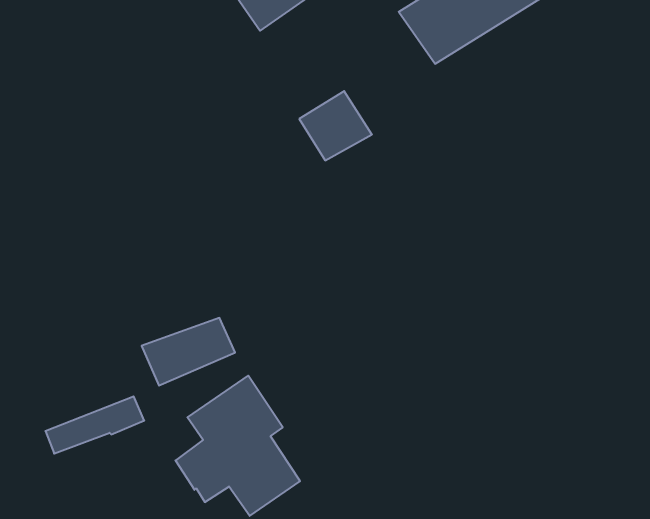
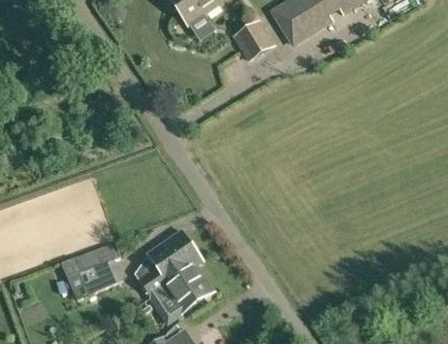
building: [299,91,372,160] -> [233,19,277,60]
building: [142,318,235,386] -> [67,260,123,300]

